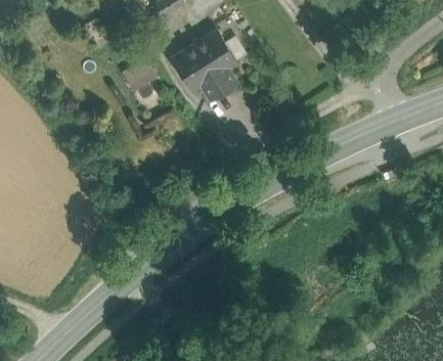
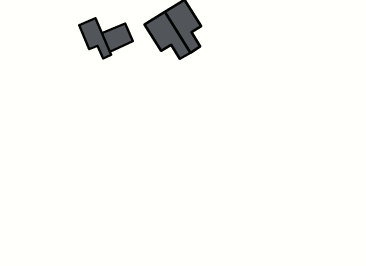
building: none -> [79,18,111,58]

